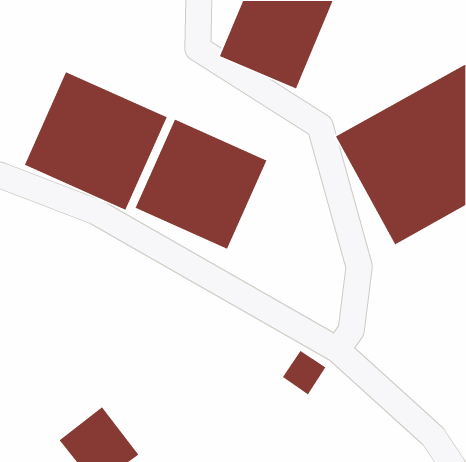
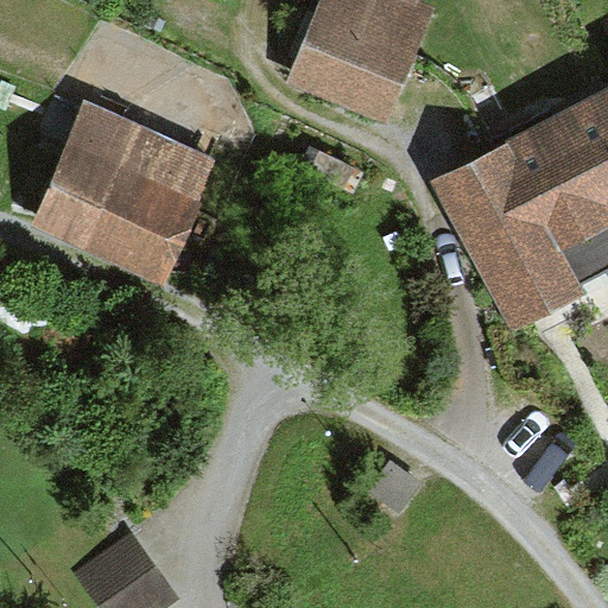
building: [135,118,268,250] -> none

